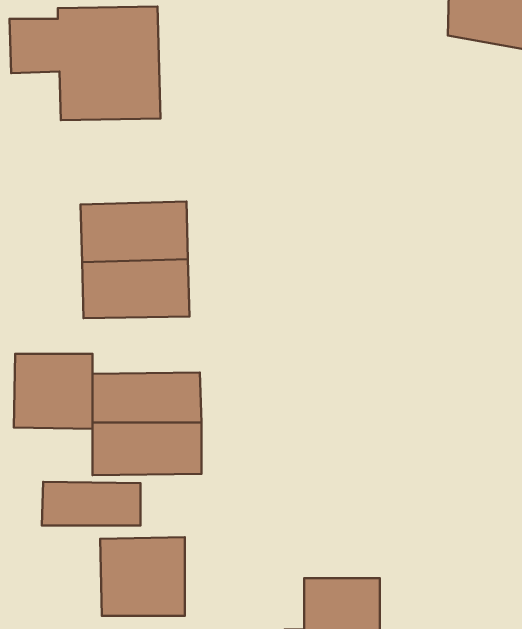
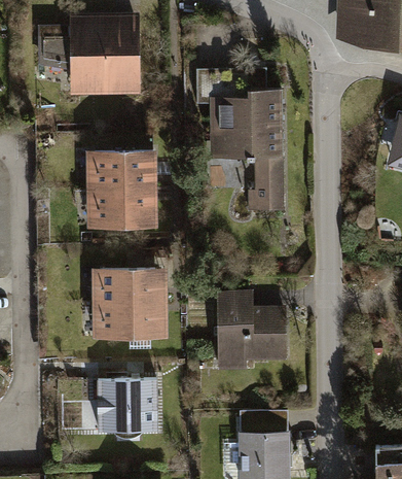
building: none -> [191,68,282,212]
building: [14,354,93,429] -> none
building: none -> [217,289,286,369]
building: [42,482,141,526] -> none

